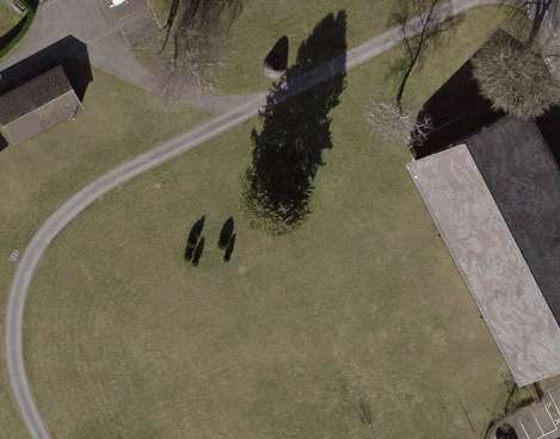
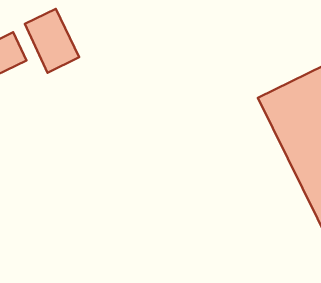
building: none -> [25,9,79,73]

